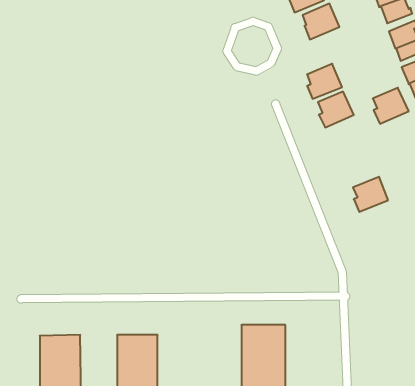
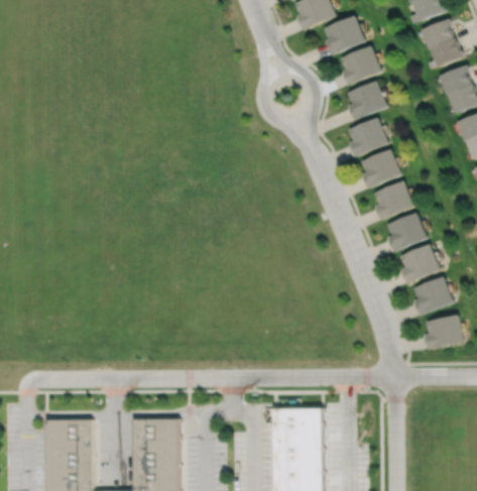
building: none -> [349,83,388,122]
building: [373,88,409,124] -> [372,178,412,219]
building: none -> [385,211,425,250]
building: none -> [412,274,451,314]
building: none -> [424,313,461,348]

